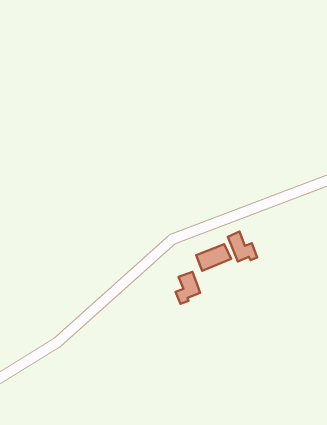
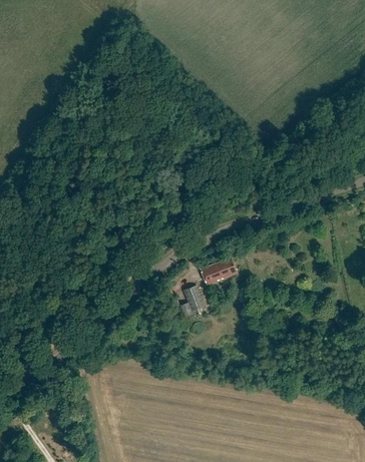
building: [228,232,257,261] -> none

